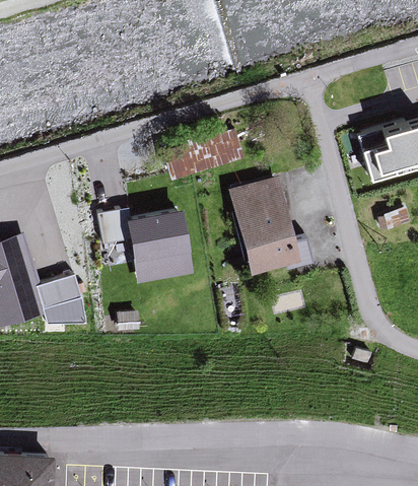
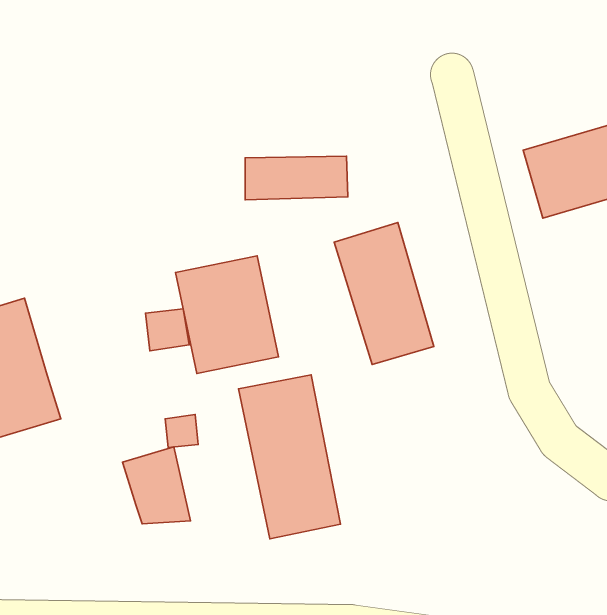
building: [39,274,84,326] -> [123,447,191,524]
building: none -> [239,375,340,539]

